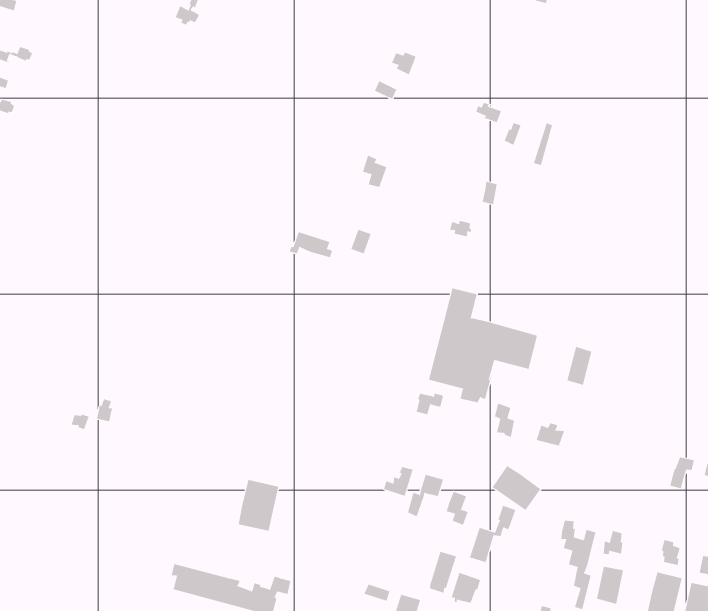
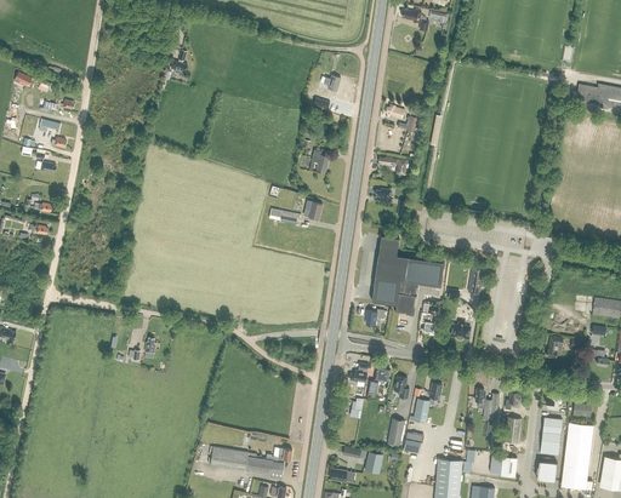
building: [492,465,541,511] -> none
building: [238,479,279,532] -> none

